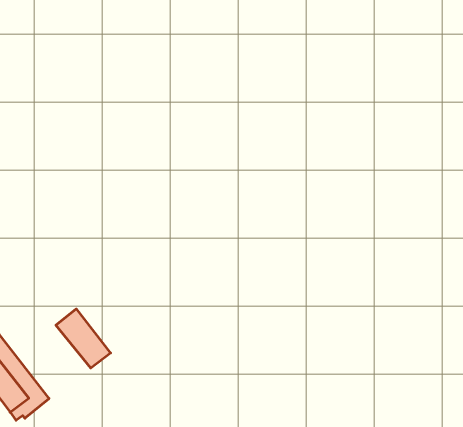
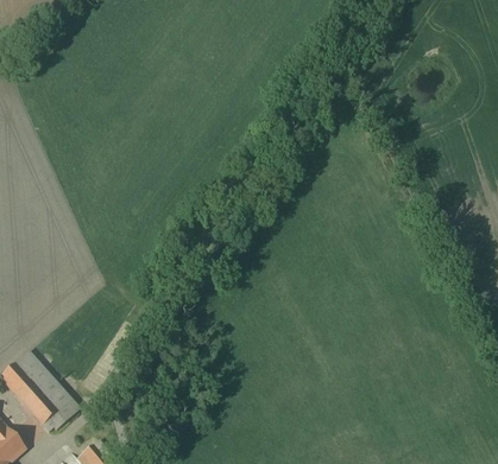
building: [56,309,111,368] -> none

